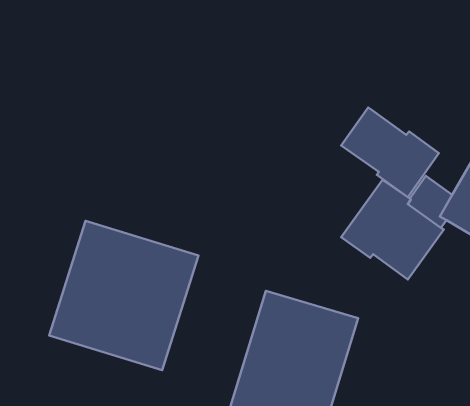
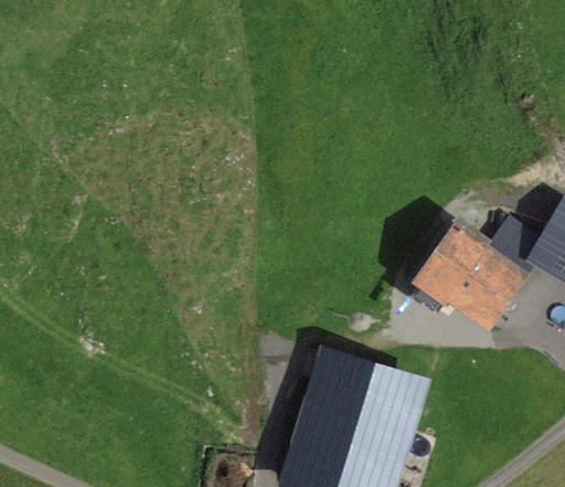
building: [341,107,439,197] -> none
building: [49,221,198,370] -> none

